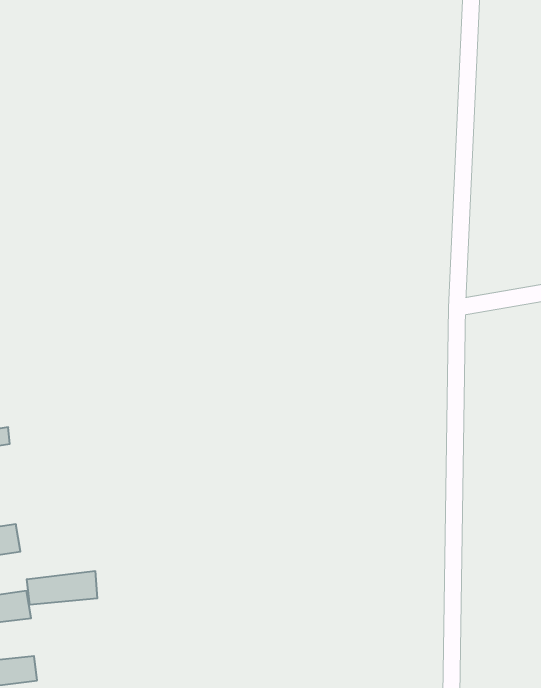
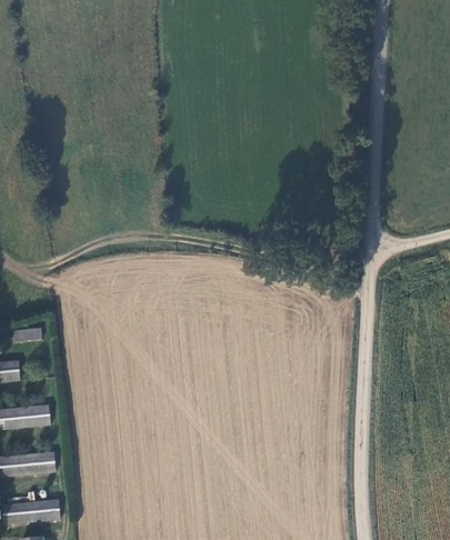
building: [27,571,97,605] -> none

